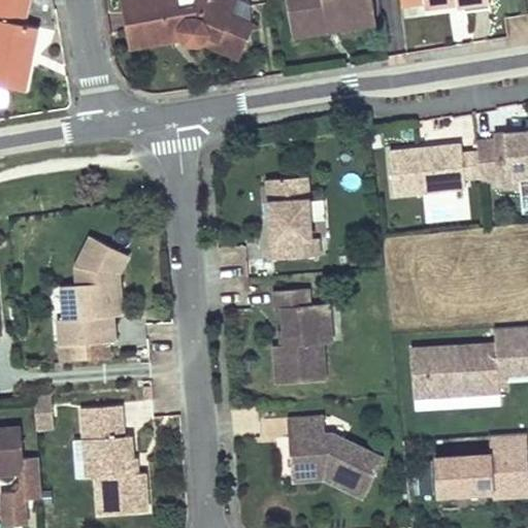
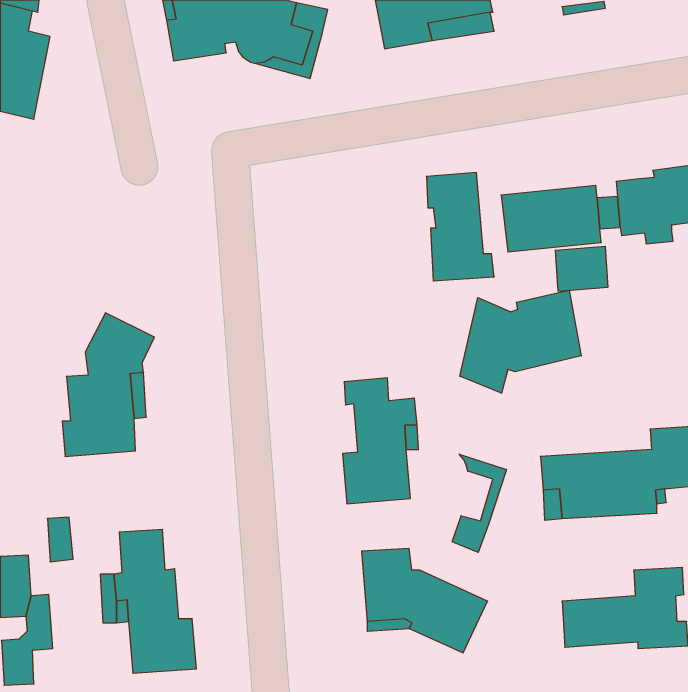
building: [257,176,308,259] -> [426,173,494,281]
building: none -> [460,290,581,393]
building: none -> [452,454,506,552]

